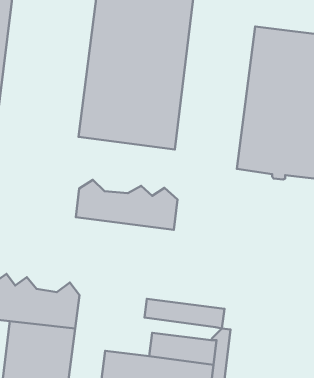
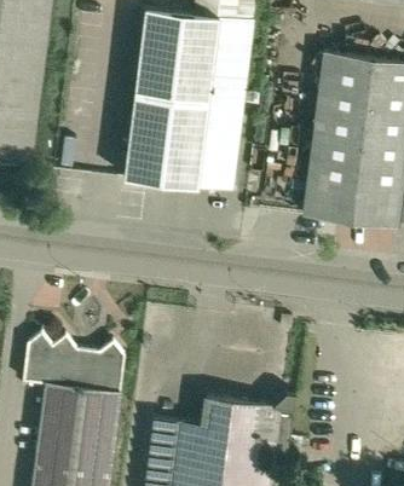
building: [76,180,178,230] -> none
building: [144,299,225,328] -> none

